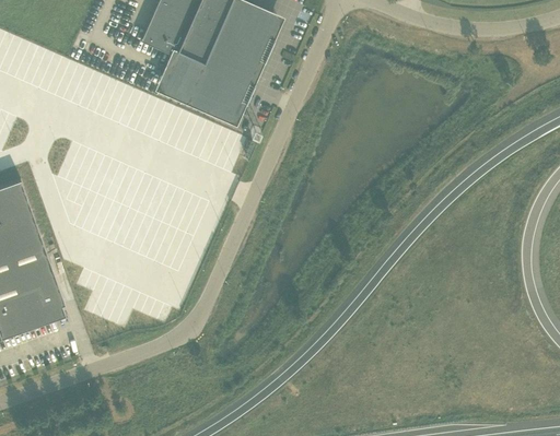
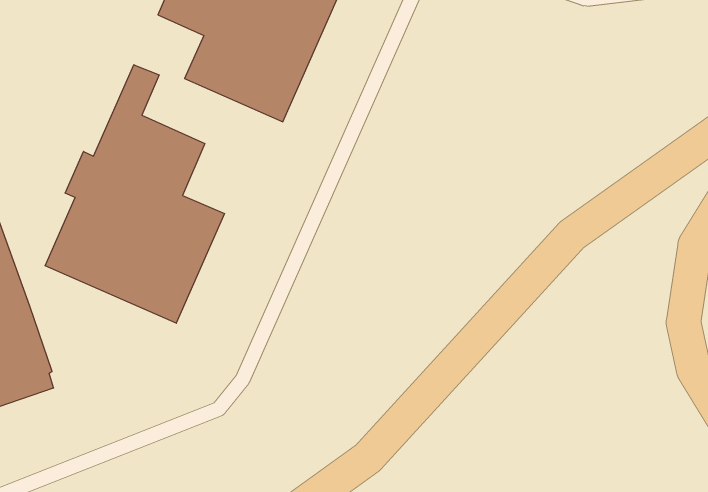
building: none -> [45,65,225,323]

